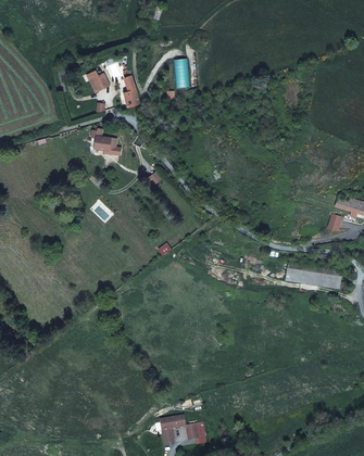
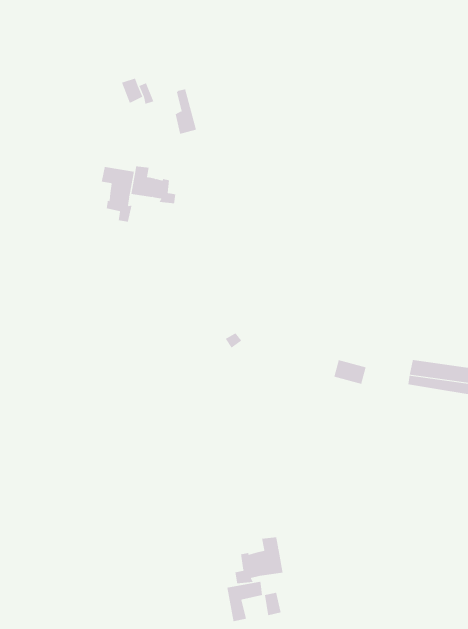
building: none -> [101,166,134,223]
building: none -> [235,536,283,584]

